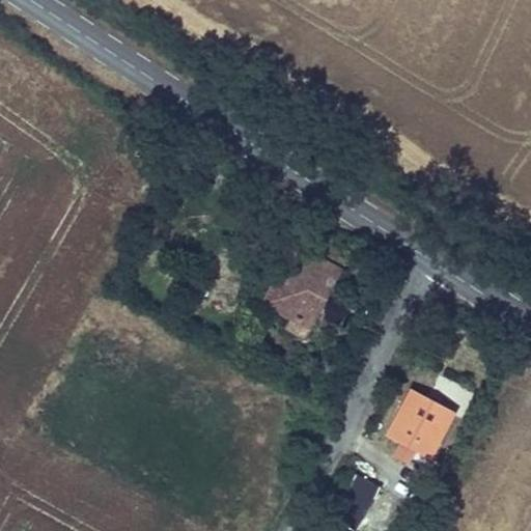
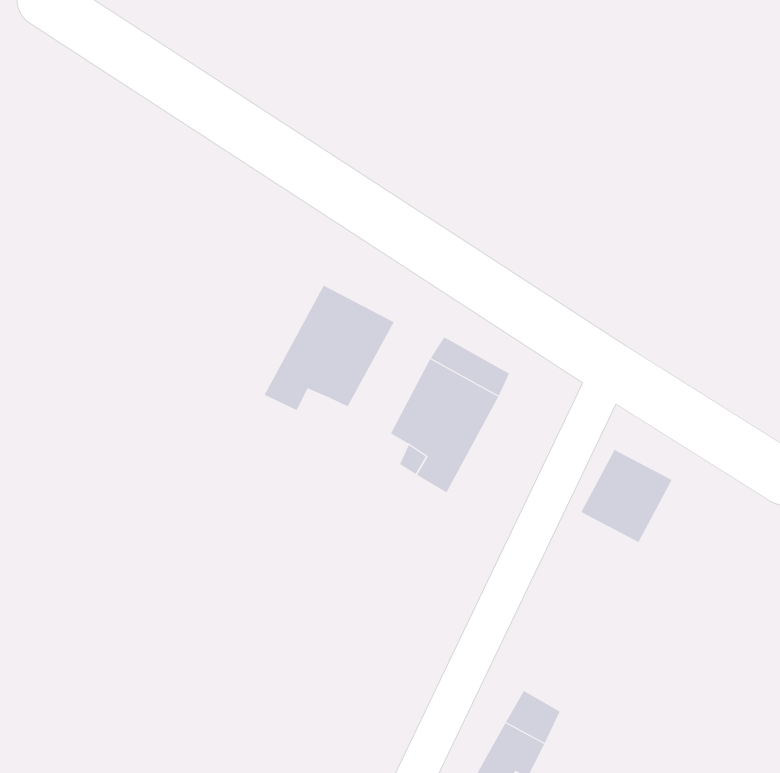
building: none -> [264,285,395,411]
building: [389,394,451,457] -> [581,449,673,543]

